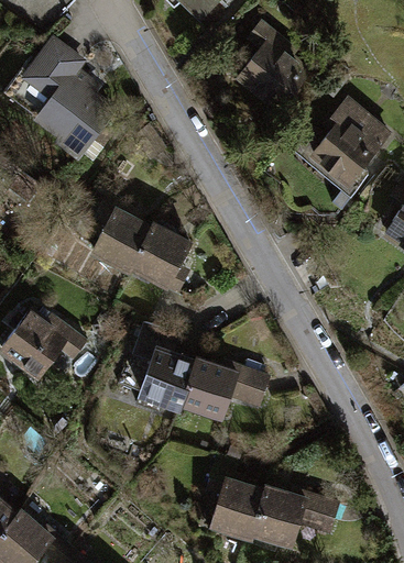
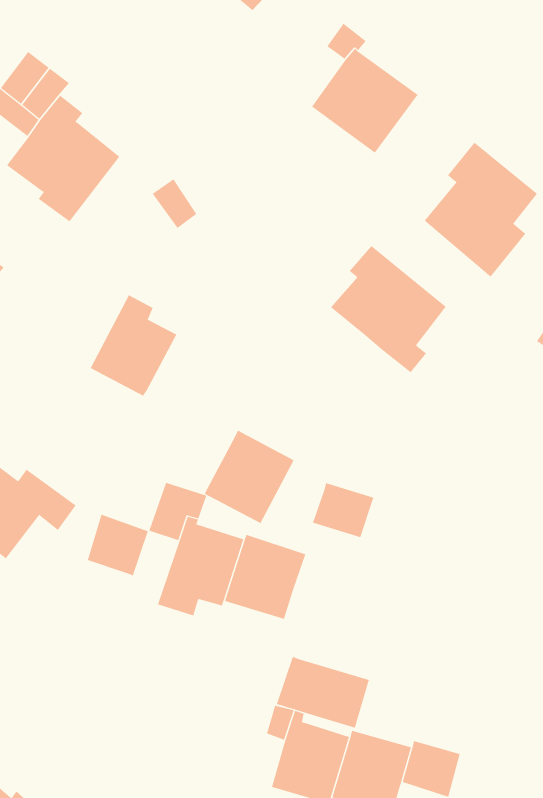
building: none -> [330,245,446,373]
building: [131,223,190,285] -> [204,430,294,524]
building: none -> [87,514,149,576]
building: [228,367,269,404] -> [312,483,374,538]
building: none -> [276,656,369,729]

